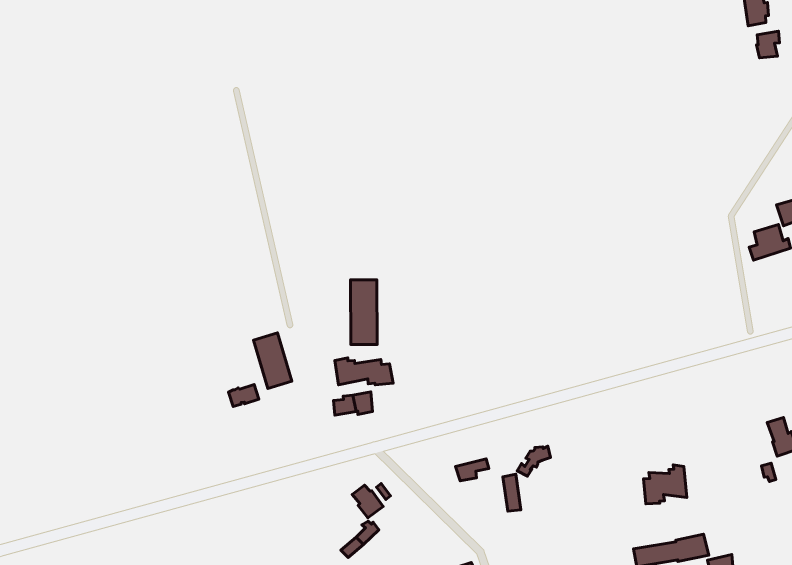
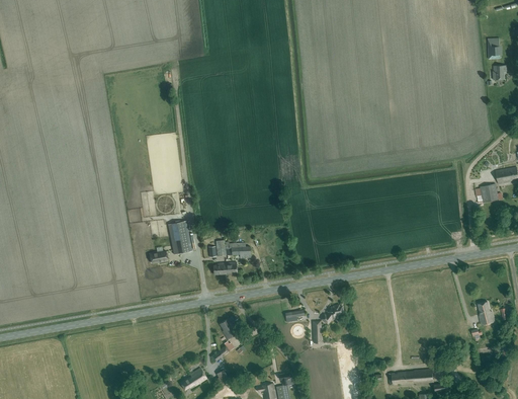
building: [351,280,377,345] -> none
building: [643,465,687,504] -> none

